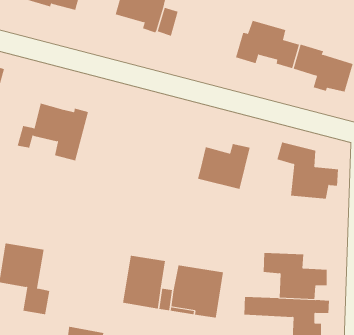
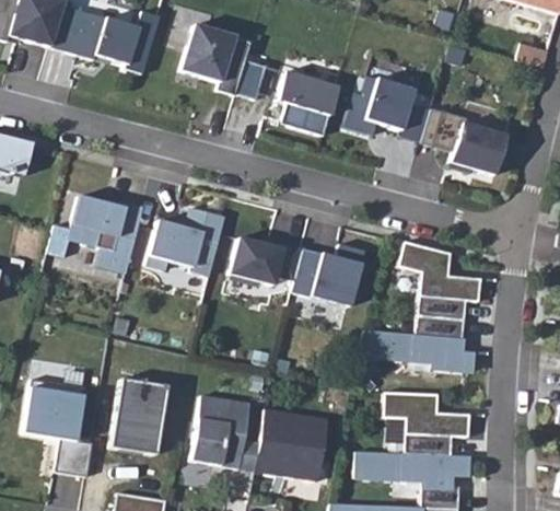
building: none -> [277,71,338,135]
building: none -> [147,208,226,276]
building: none -> [230,237,303,284]
building: none -> [359,315,476,372]
building: none -> [110,378,167,454]

